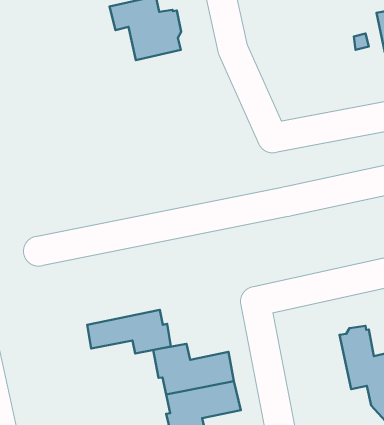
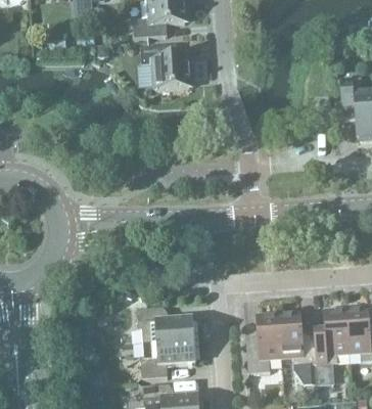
building: [87,310,171,353] -> none
building: none -> [245,313,281,372]

